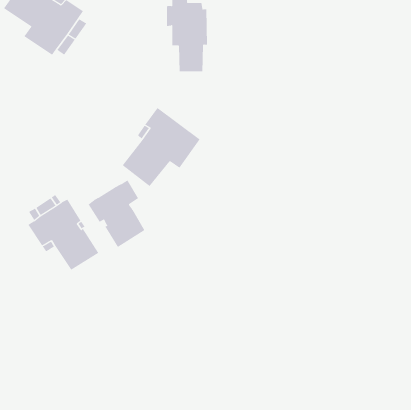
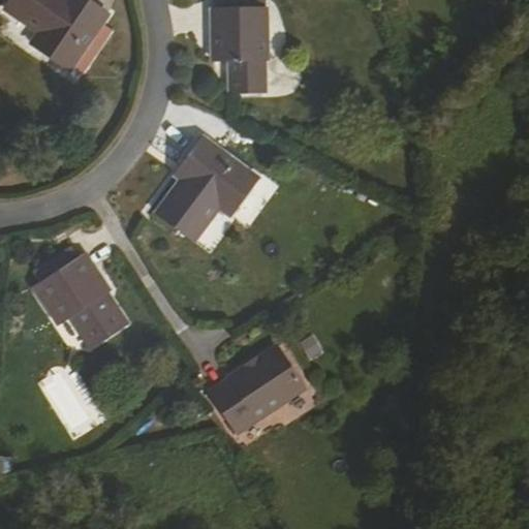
building: [88,180,145,248] -> none
building: none -> [211,347,303,430]

